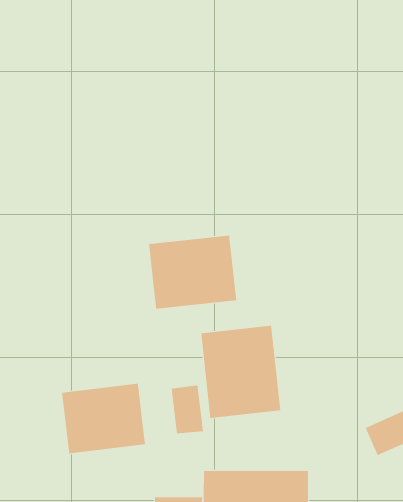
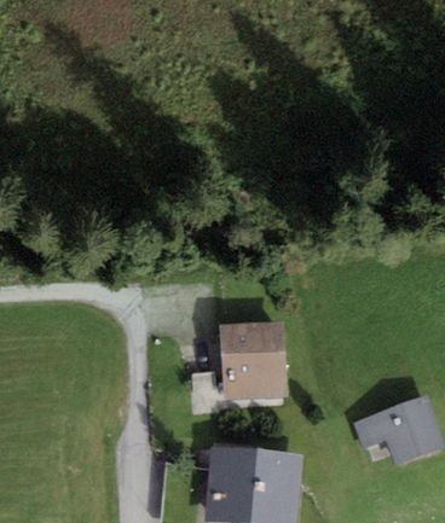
building: [149,235,237,309] -> none
building: [62,383,145,454] -> none

